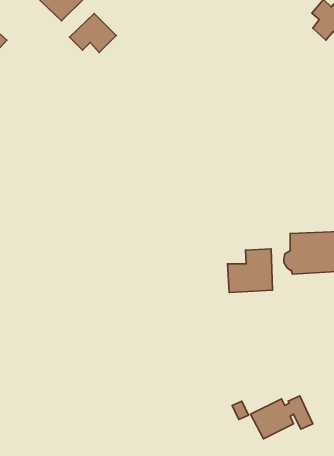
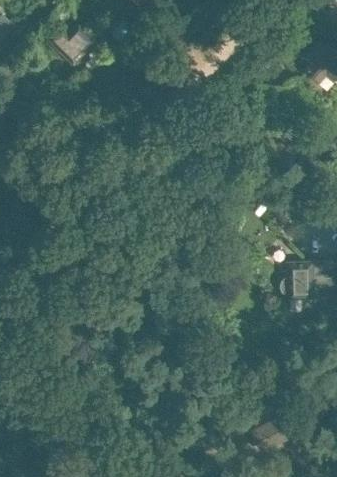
building: [69,14,116,52] -> none
building: [228,249,272,293] -> none

